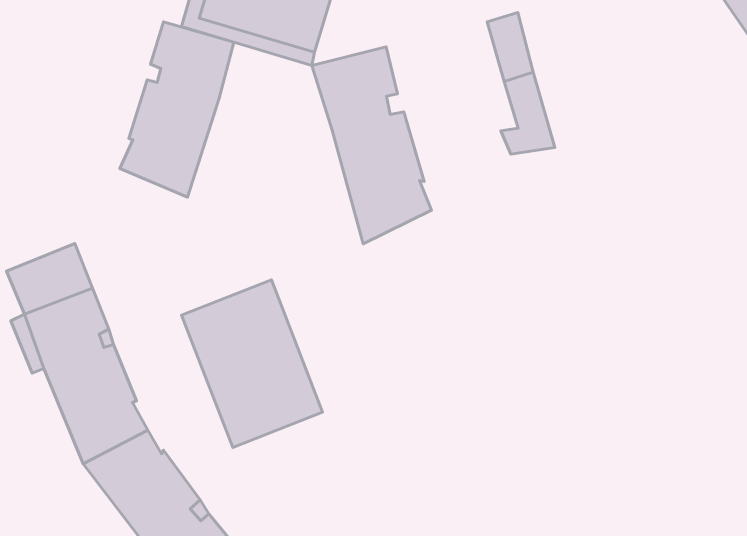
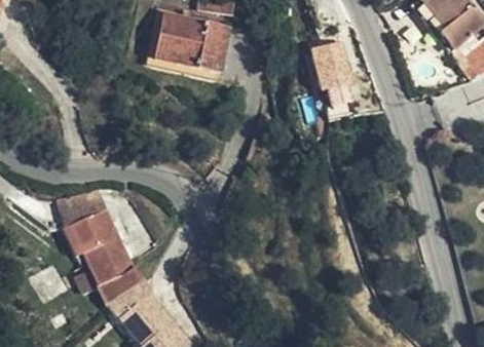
building: [120,22,234,197] -> none
building: [312,47,431,244] -> none
building: [182,280,322,448] -> none

